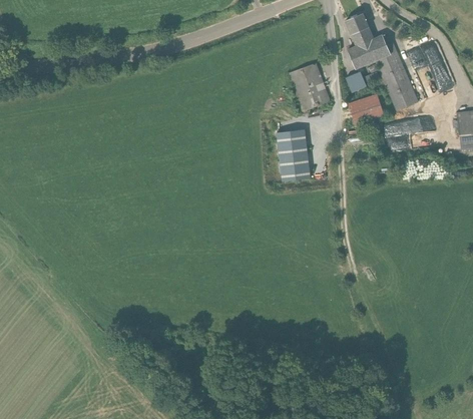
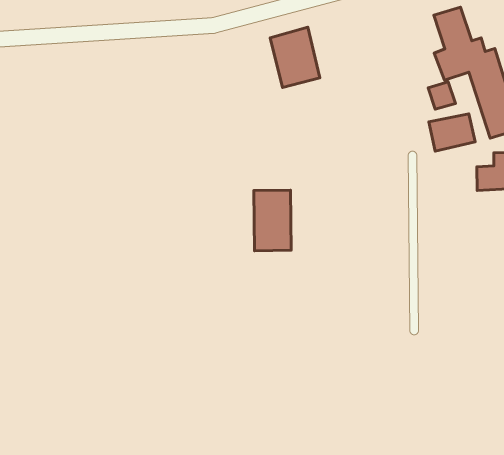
building: [289,62,330,110] -> [270,27,320,87]
building: [277,128,310,177] -> [254,190,291,251]

